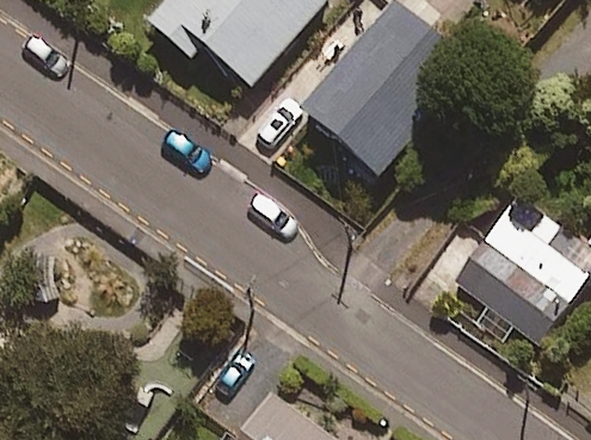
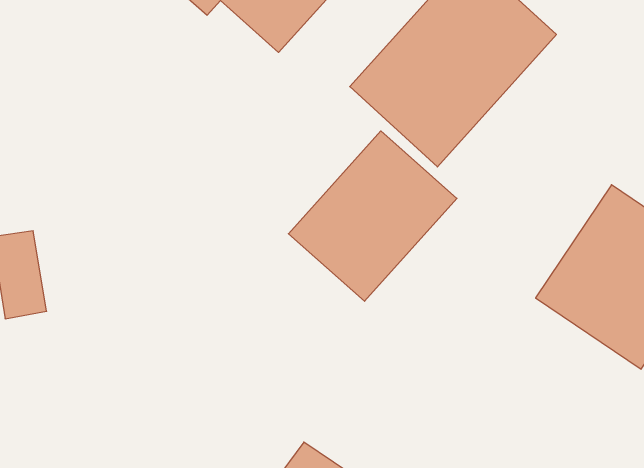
building: none -> [288,131,457,301]

